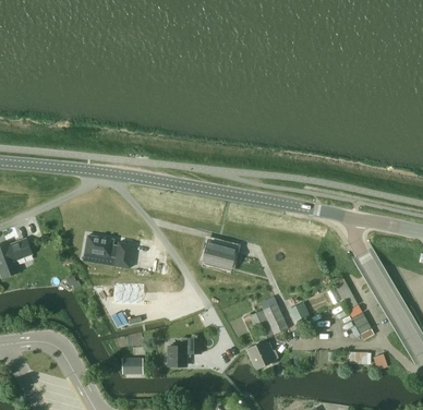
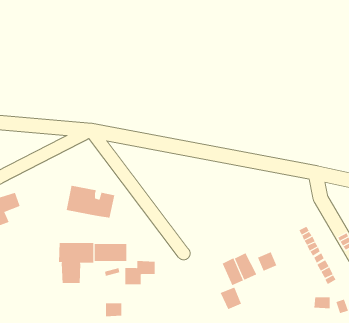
building: [203,240,235,265] -> none
building: none -> [59,242,94,284]
building: [168,338,202,364] -> [124,261,156,285]

